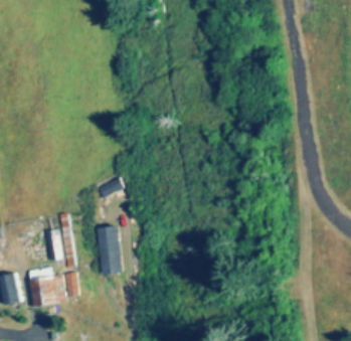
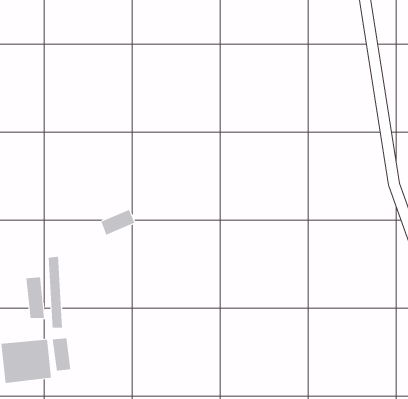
building: [98,226,124,275] -> none

